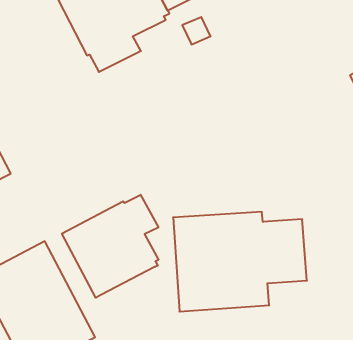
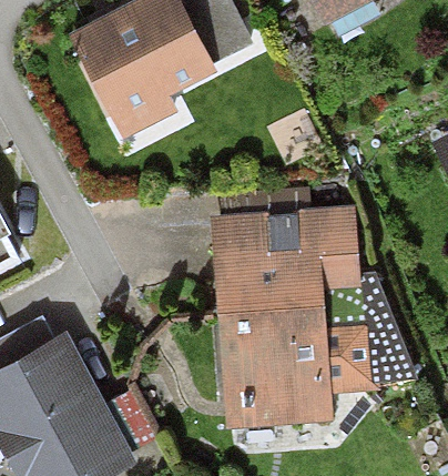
building: none -> [211,205,359,313]
building: [62,195,159,298] -> none

